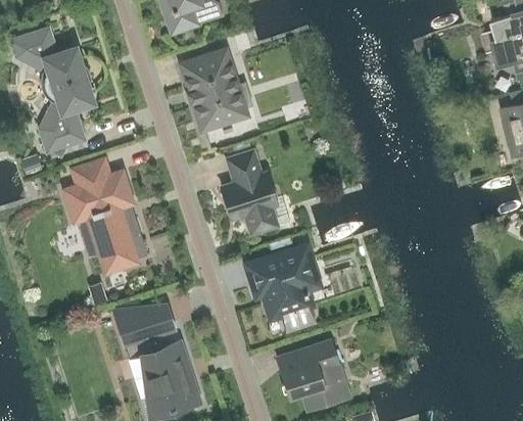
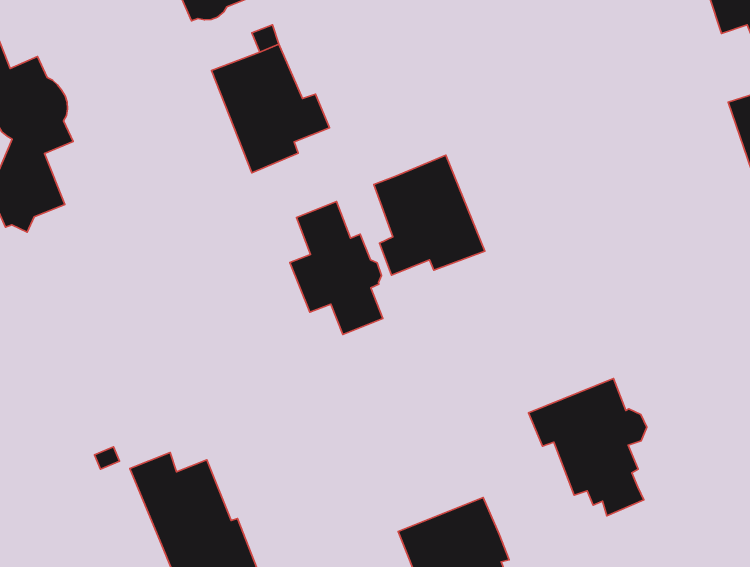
building: none -> [374,155,485,275]
building: [64,158,145,273] -> none
building: [246,248,319,333] -> [529,379,647,516]

